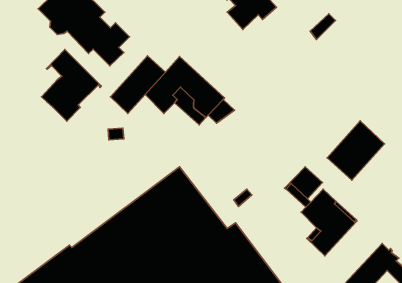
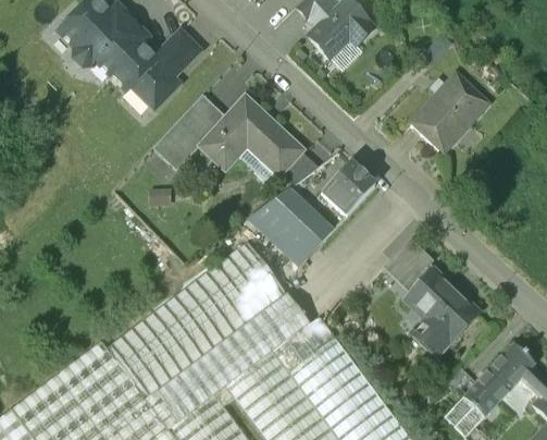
building: none -> [160,34,197,70]
building: [42,49,101,121] -> none
building: none -> [322,163,374,216]
building: [327,121,385,180] -> [411,74,487,152]
building: none -> [248,190,332,266]

